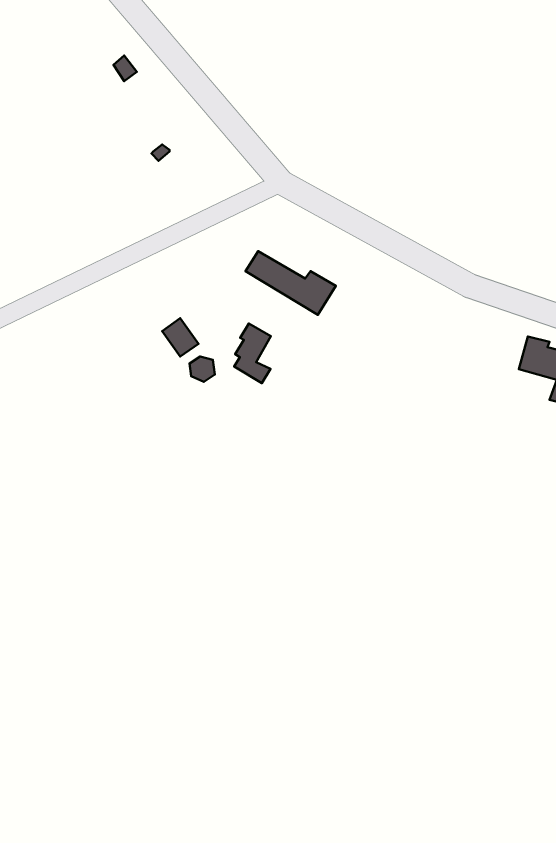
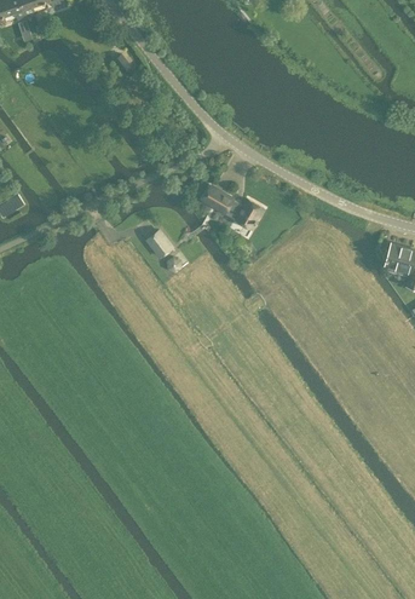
building: [234,323,271,383] -> none

